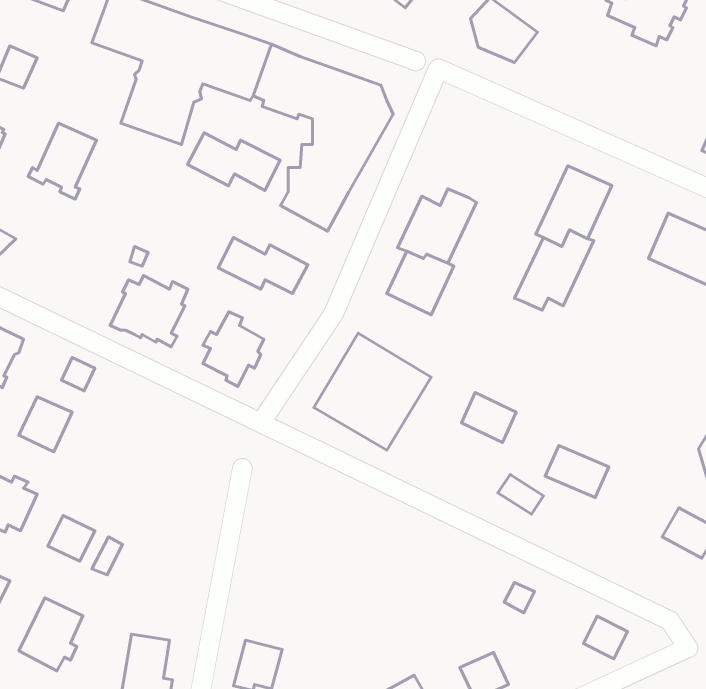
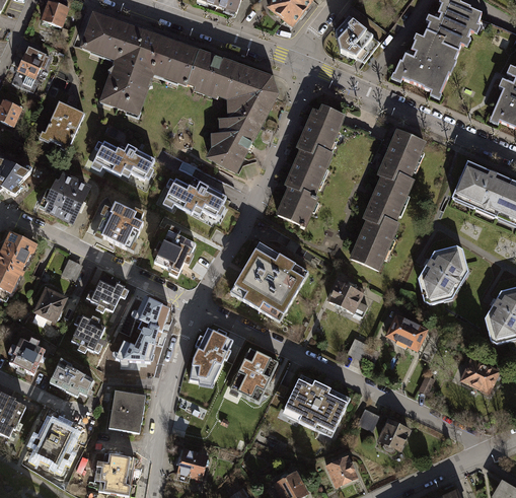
building: none -> [388,29,457,97]
building: none -> [296,105,349,156]
building: [187,133,280,191] -> [93,141,155,180]
building: none -> [44,173,93,226]
building: none -> [351,218,401,272]
building: none -> [419,248,467,305]
building: none -> [87,281,129,311]
building: none -> [116,295,170,364]
building: none -> [72,314,105,352]
building: none -> [191,325,233,382]
building: none -> [231,347,281,403]
building: none -> [280,373,349,436]
building: none -> [108,390,144,433]
building: [584,616,628,659] -> [378,419,408,447]

